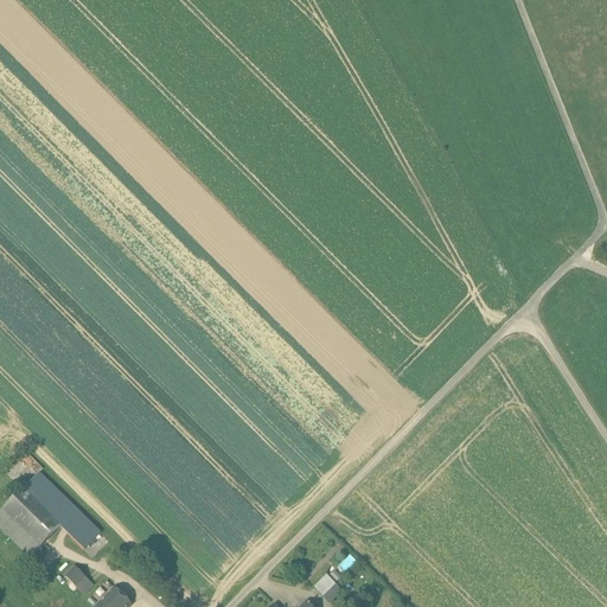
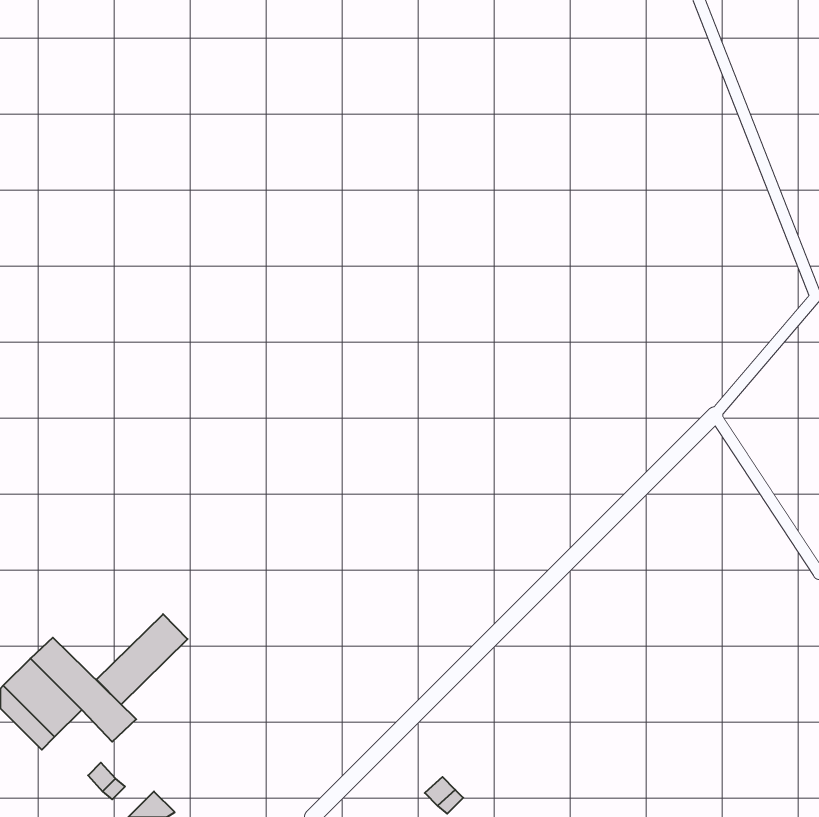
building: none -> [96,614,188,704]

